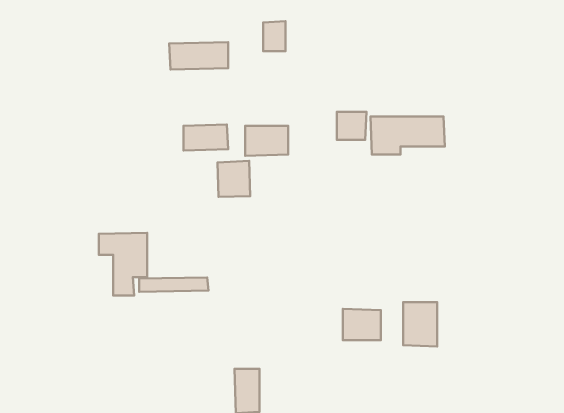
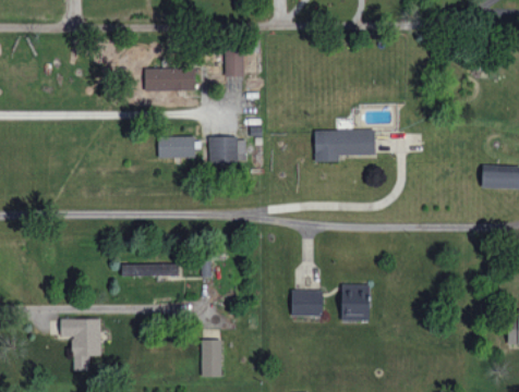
building: [337,112,366,140] -> none
building: [218,161,250,197] -> none
building: [99,233,147,295] -> [60,318,100,370]

